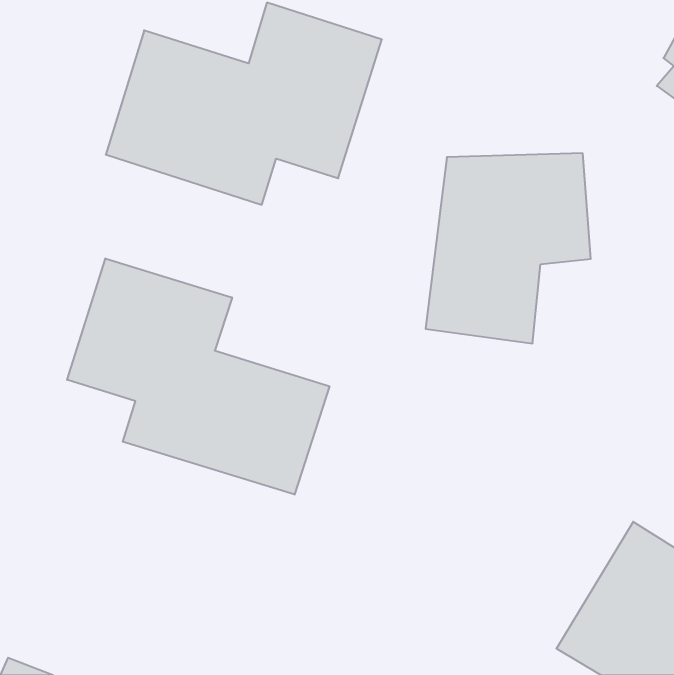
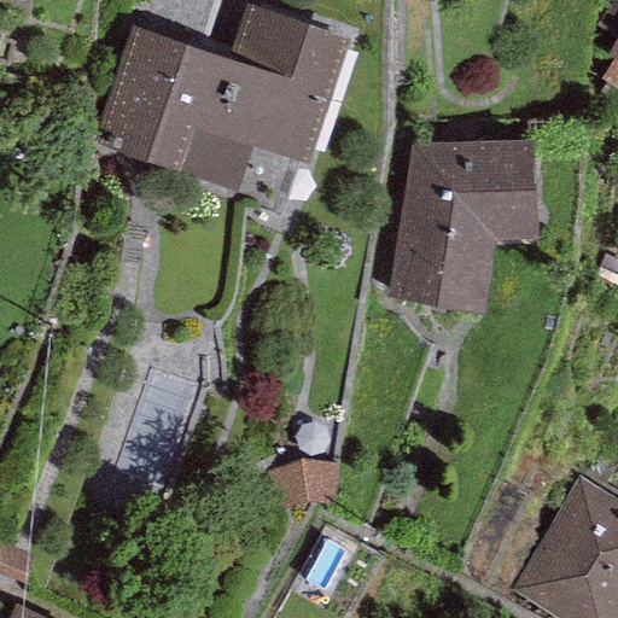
building: [67,258,329,495] -> none

